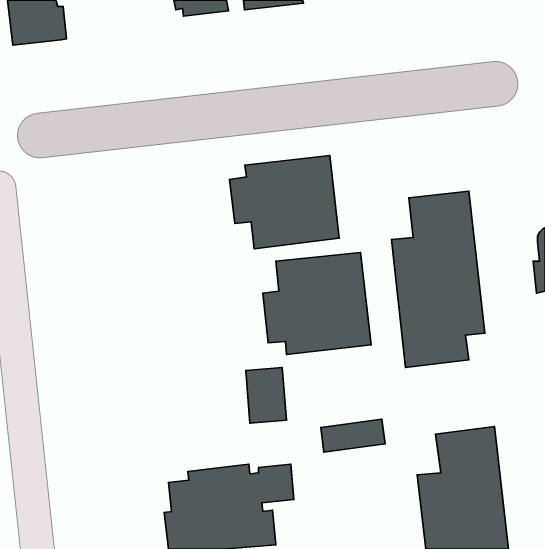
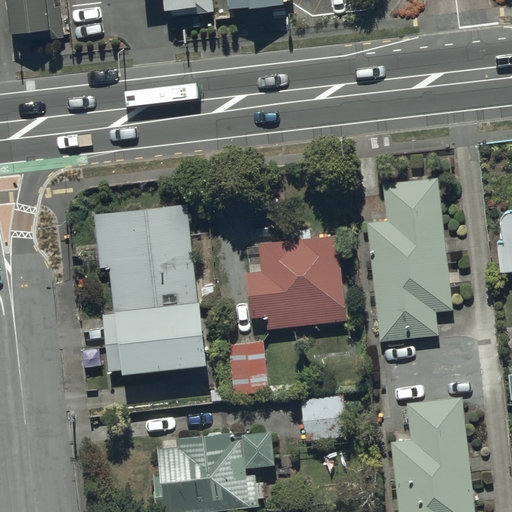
building: [230,156,339,249] -> none
building: none -> [93,203,207,375]

